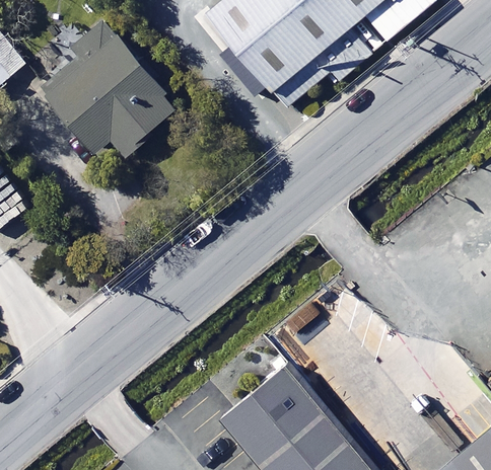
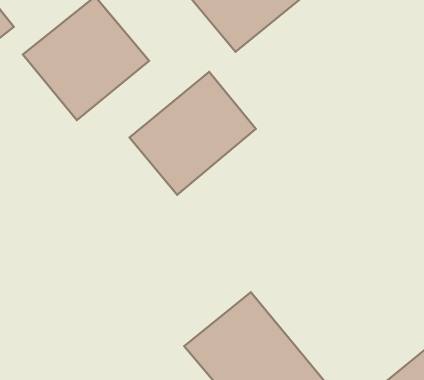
building: none -> [130,72,256,195]

